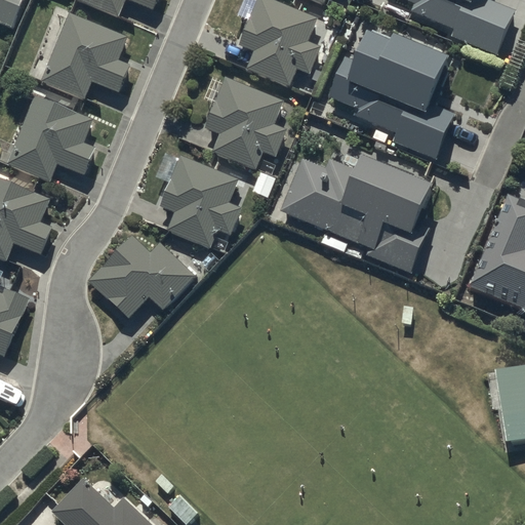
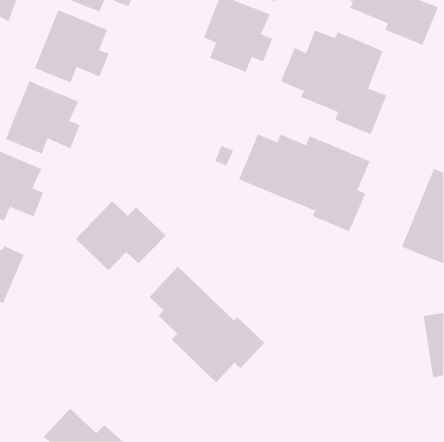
building: [203,76,285,168] -> none
building: [159,155,240,246] -> none
building: none -> [149,266,265,383]

